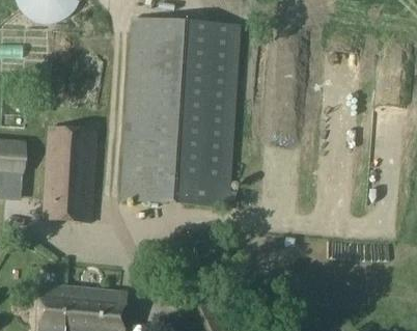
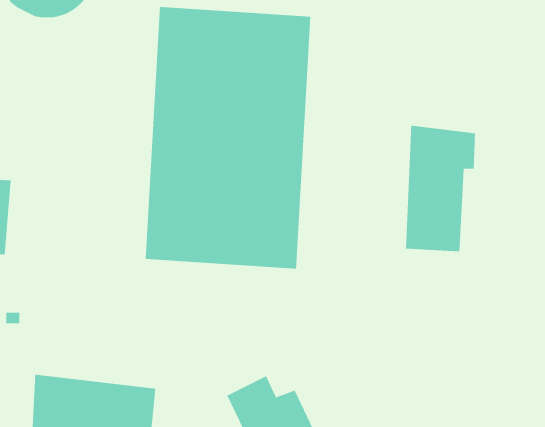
building: none -> [406,125,476,252]
building: [40,126,98,223] -> none

